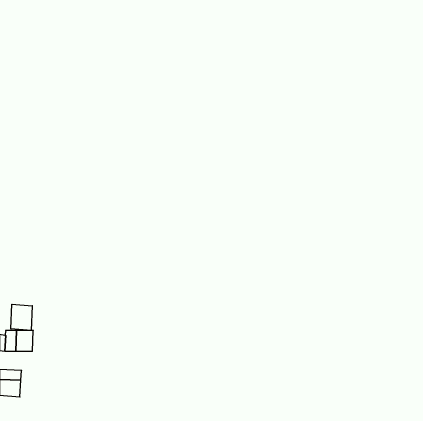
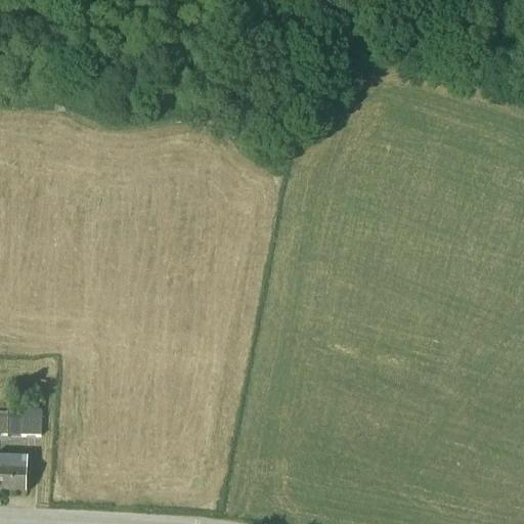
building: [11,304,32,330] -> none

